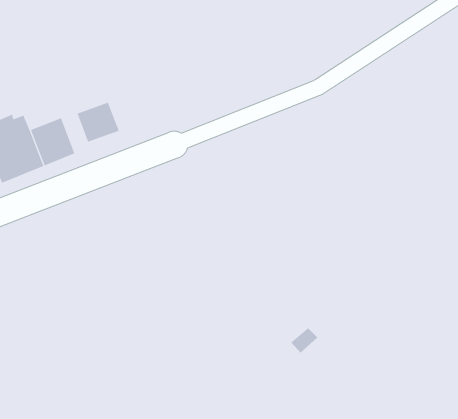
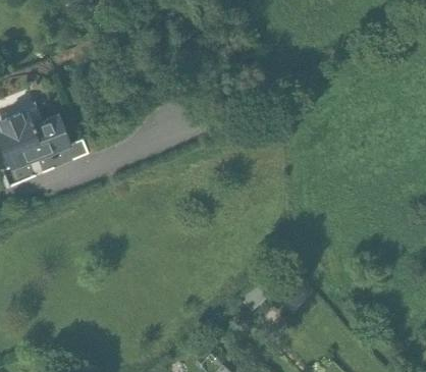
building: [77,102,119,143] -> none

